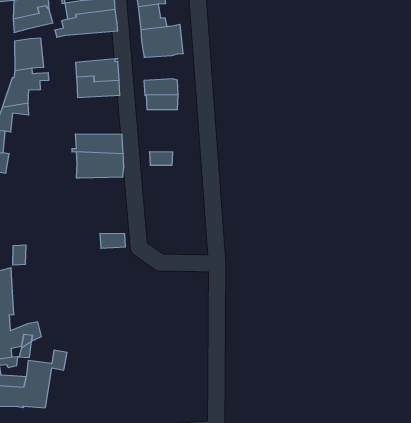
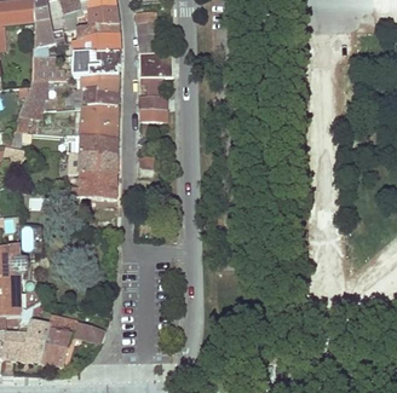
building: none -> [74,52,119,77]
building: none -> [79,105,117,138]
building: none -> [70,172,116,198]
building: none -> [41,316,105,364]

